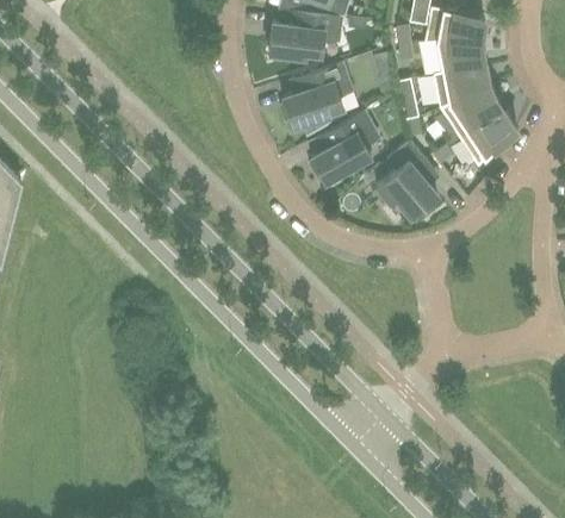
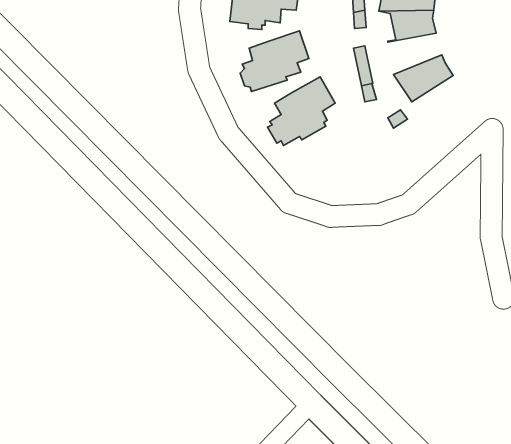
building: [434,67,490,110] -> none
building: [459,111,516,168] -> none
building: [377,142,437,218] -> none

